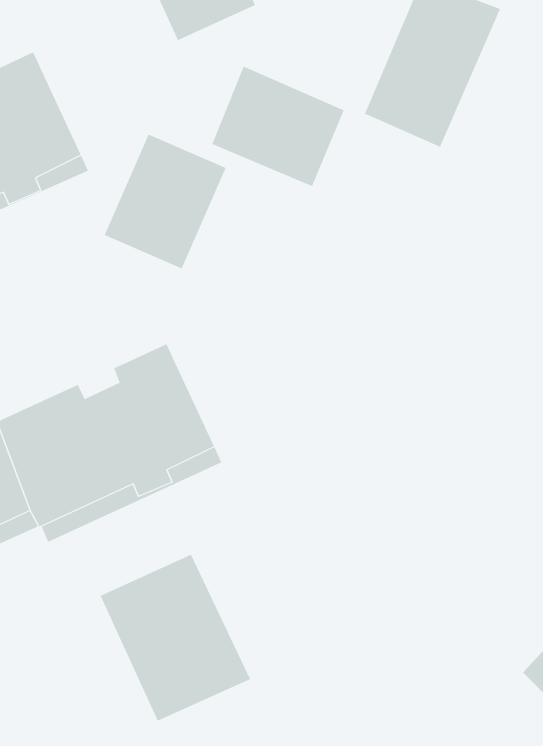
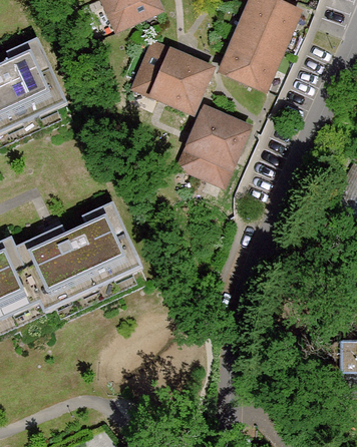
building: [104,134,226,269] -> [180,109,249,185]
building: [100,554,251,721] -> none

